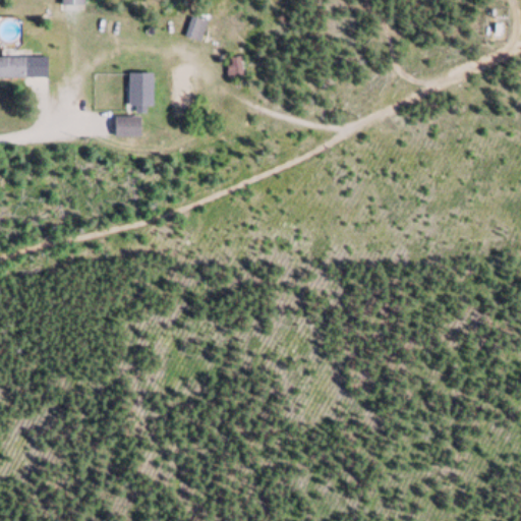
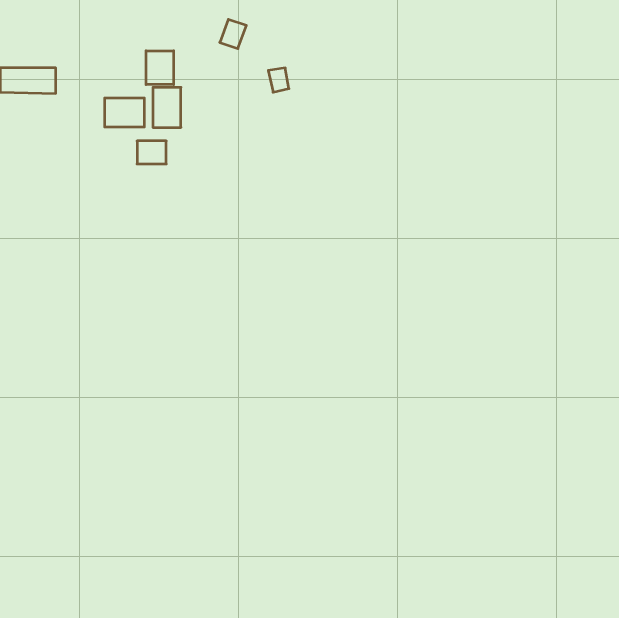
building: none -> [146,51,174,85]
building: none -> [105,98,144,127]

